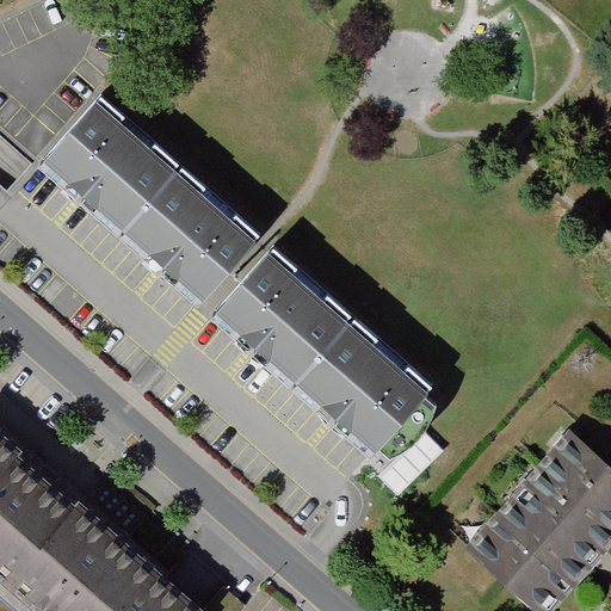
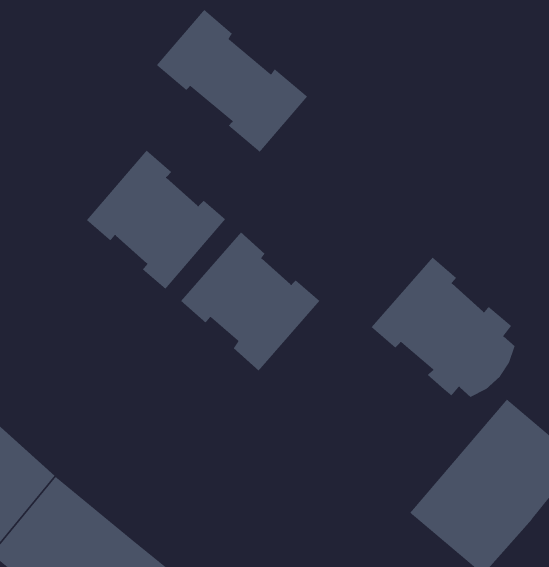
building: none -> [156,9,308,153]
building: [31,90,180,239] -> none
building: [300,325,453,475] -> [371,256,515,398]

